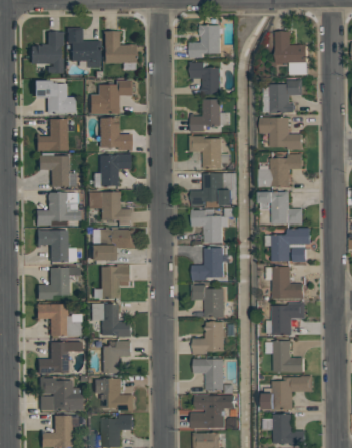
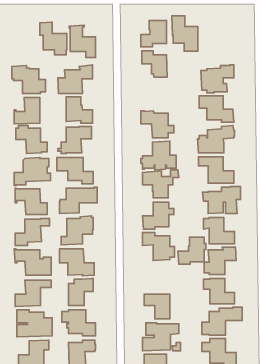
building: [276,31,308,74] -> [172,16,198,51]
building: [30,32,63,74] -> none
building: [192,99,231,131] -> none
building: [194,321,228,354] -> [178,237,206,264]

